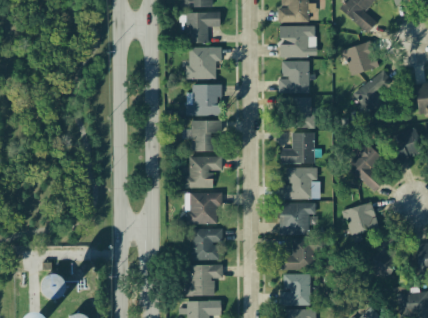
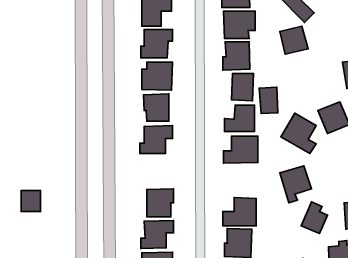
building: [360,85,381,115] -> [259,87,278,114]
building: [186,192,223,224] -> none
building: [279,203,316,235] -> none
building: [43,274,65,298] -> [21,190,41,212]

